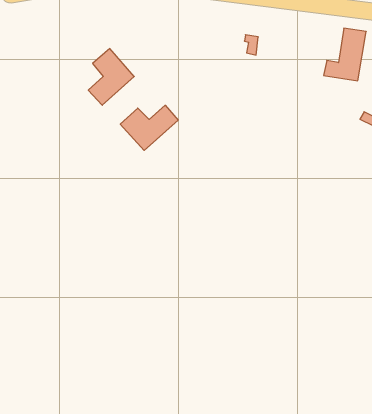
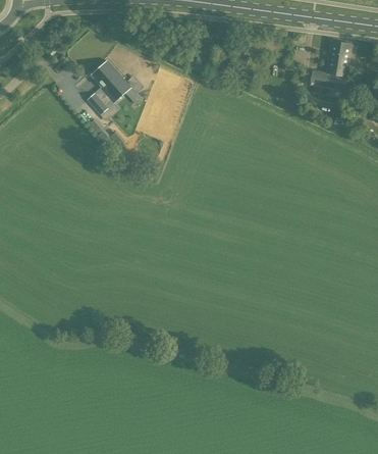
building: [120,105,178,150] -> none

